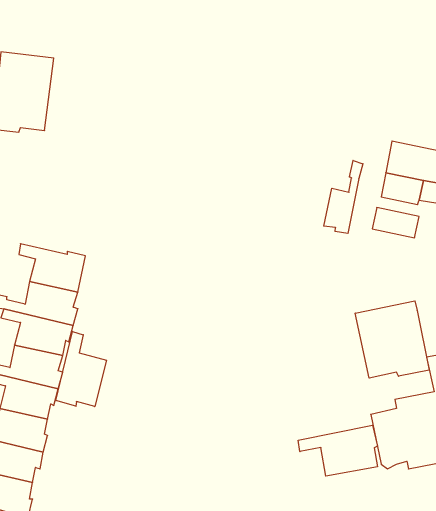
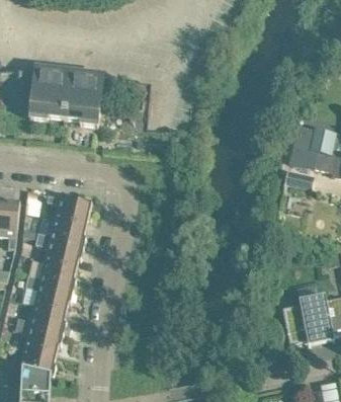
building: none -> [64,69,103,125]
building: [324,160,363,233] -> none
building: [355,301,429,378] -> none
building: [56,331,107,407] -> none
building: [298,425,377,476] -> none

